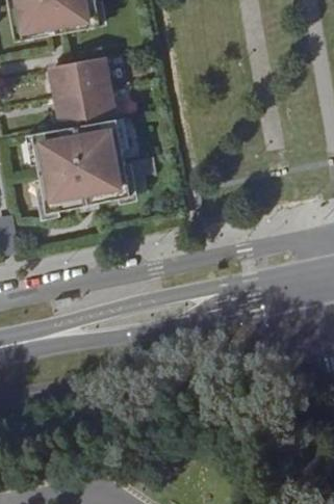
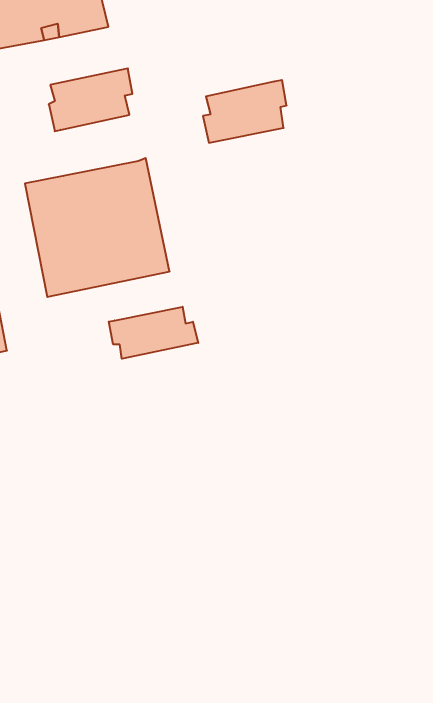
building: [57,84,115,128] -> [203,80,287,143]
building: none -> [109,307,198,359]

